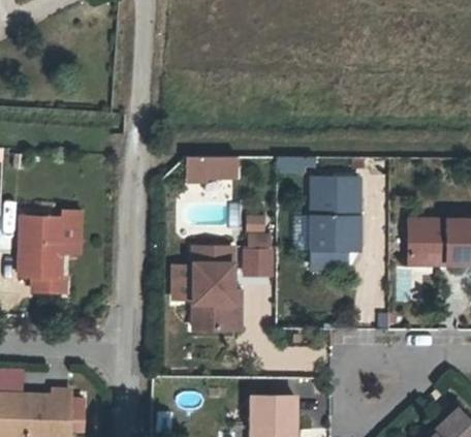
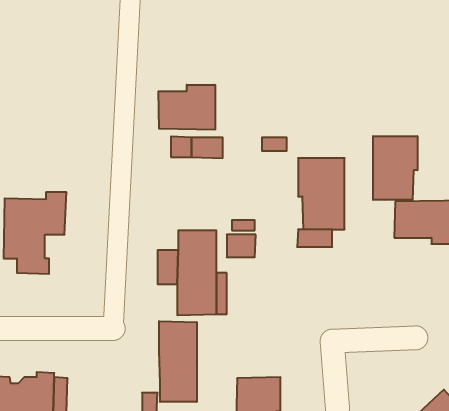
building: none -> [158,85,215,130]
building: none -> [373,136,417,200]
building: none -> [159,321,197,402]

